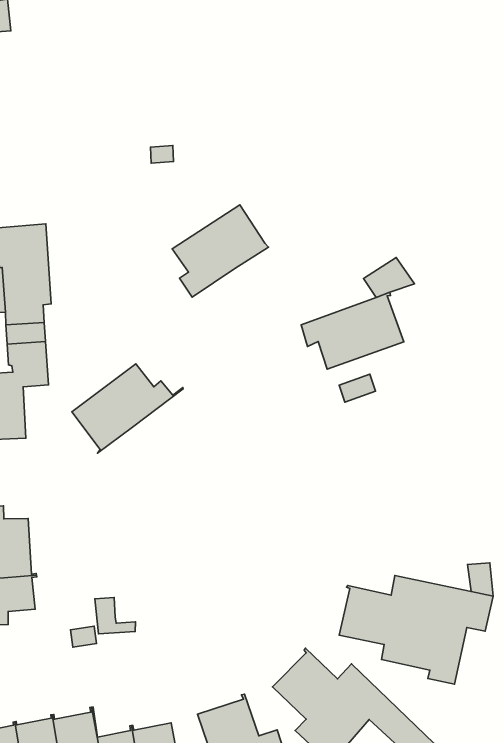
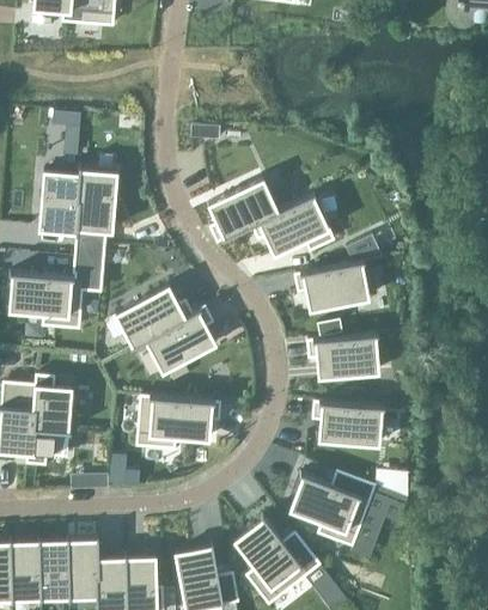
building: none -> [252,195,334,256]
building: none -> [130,309,216,373]
building: none -> [307,336,379,379]
building: none -> [313,403,385,446]
building: none -> [136,397,220,450]

